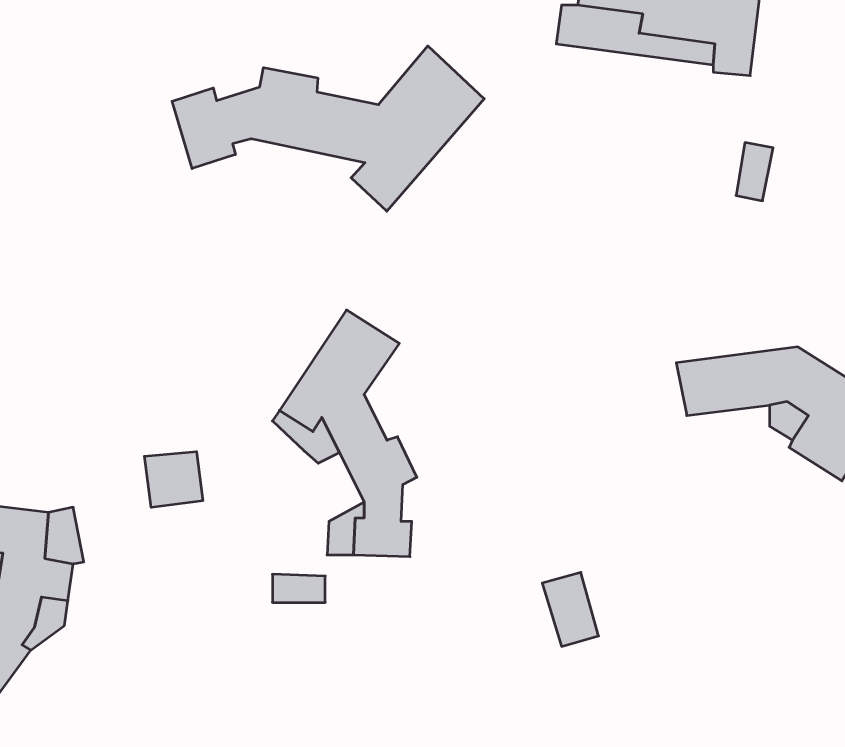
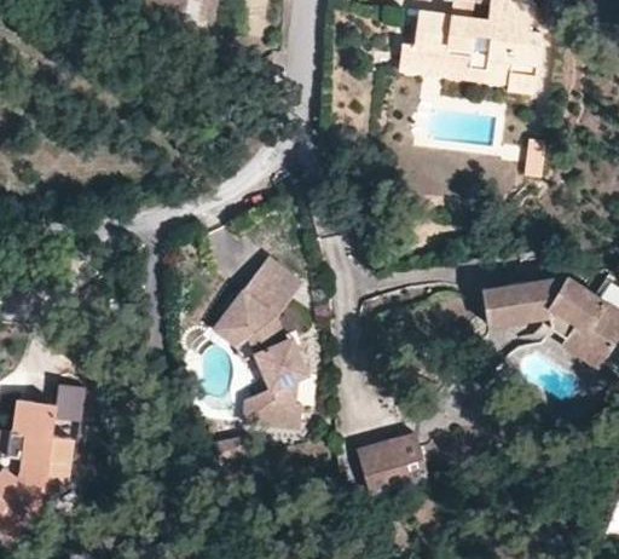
building: [172,46,484,211] -> none
building: [144,452,203,507] -> none
building: none -> [360,442,406,495]

